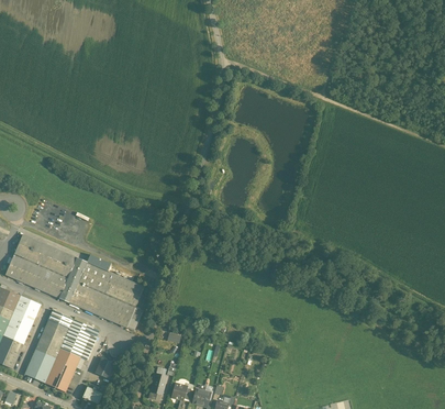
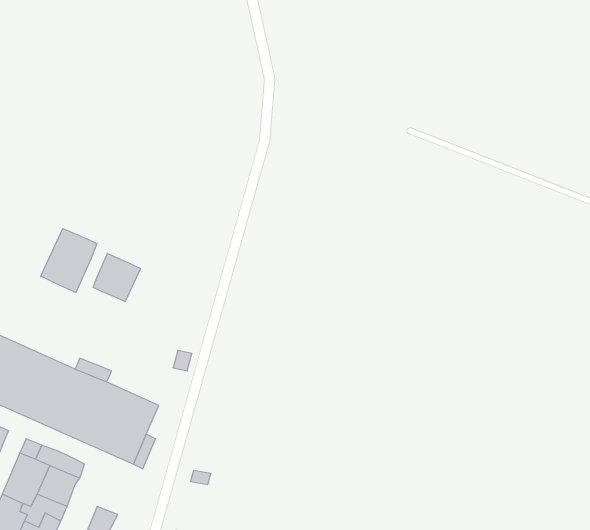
building: none -> [41,229,97,293]
building: none -> [93,253,141,302]

